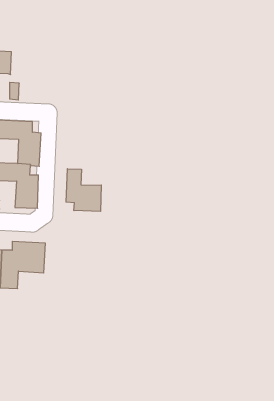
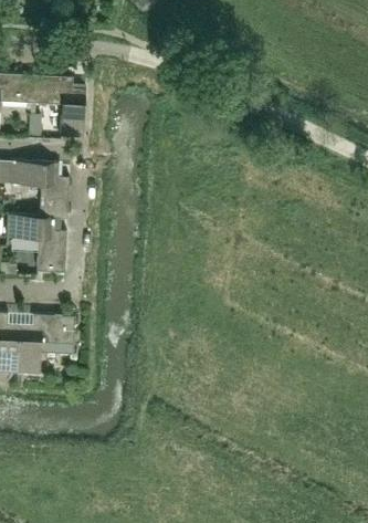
building: none -> [31,74,86,137]
building: [66,169,101,211] -> none

